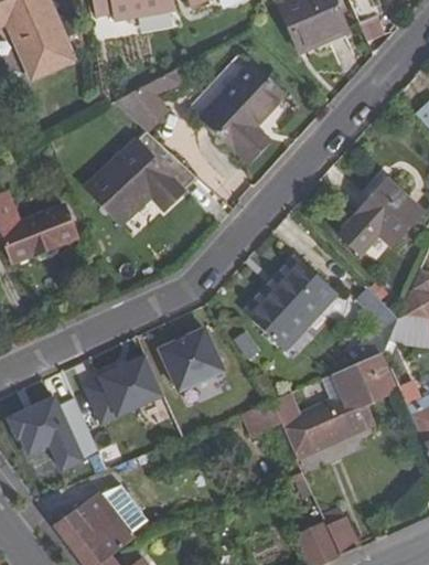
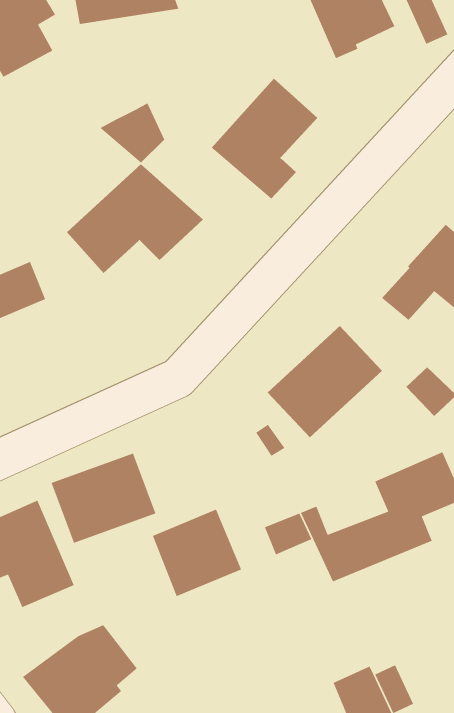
building: [152,327,222,395] -> [152,508,242,597]

